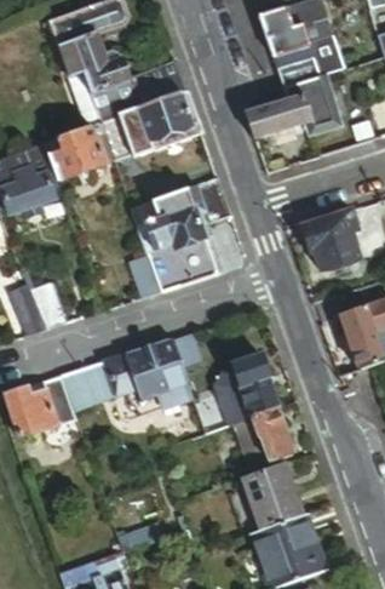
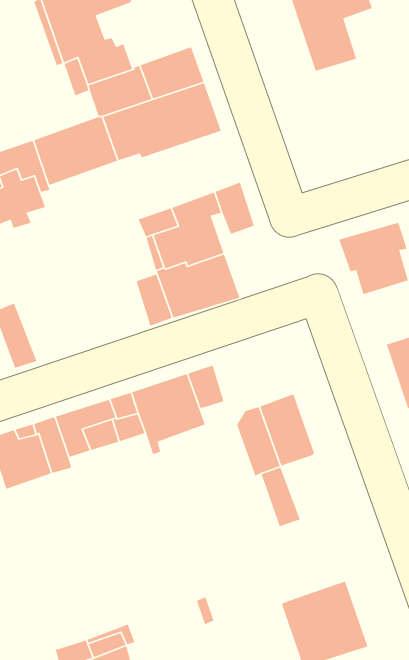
building: [245,70,338,137] -> none
building: [252,407,293,461] -> none
building: [240,461,306,528] -> none

